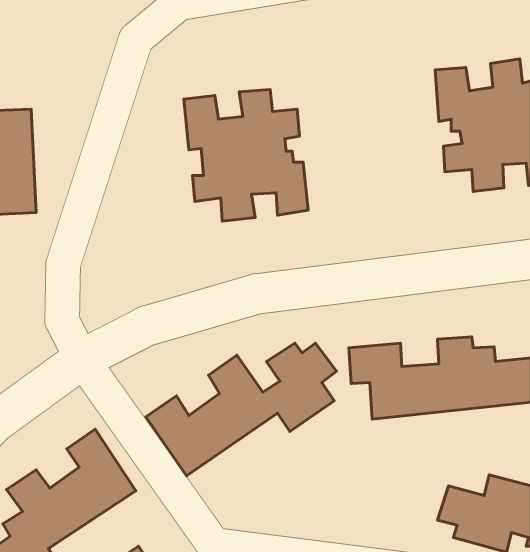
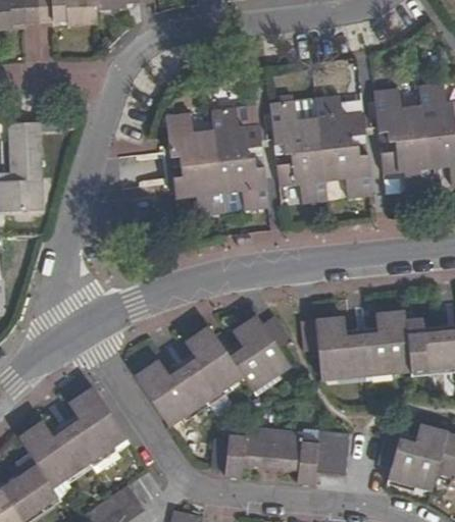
building: none -> [270,94,373,203]
building: none -> [210,429,351,483]

